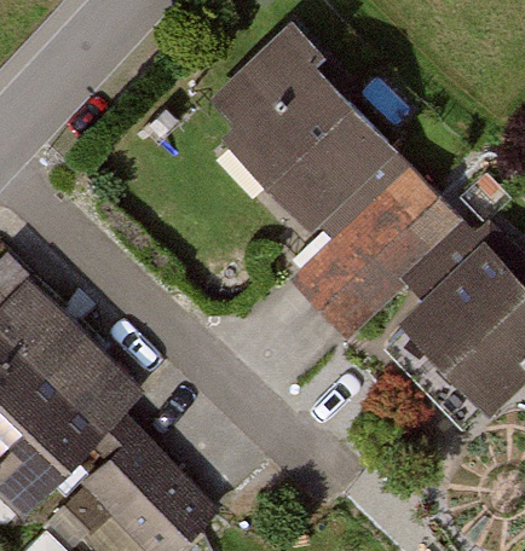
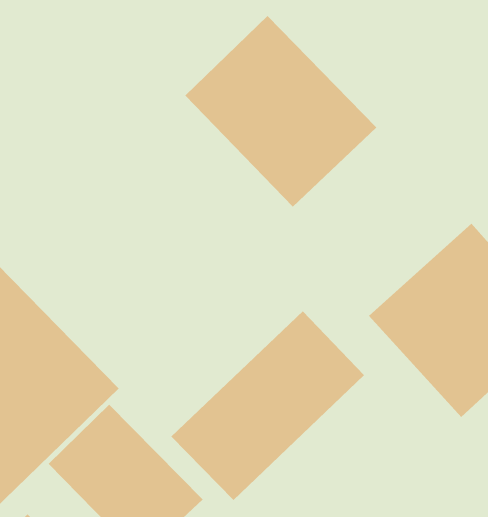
building: [283,155,465,334] -> none
building: none -> [170,311,365,501]

